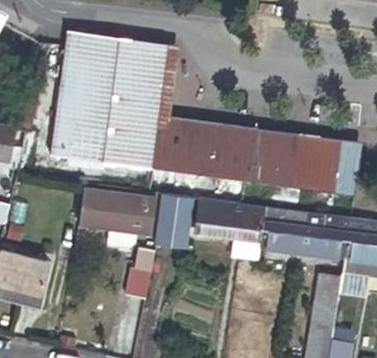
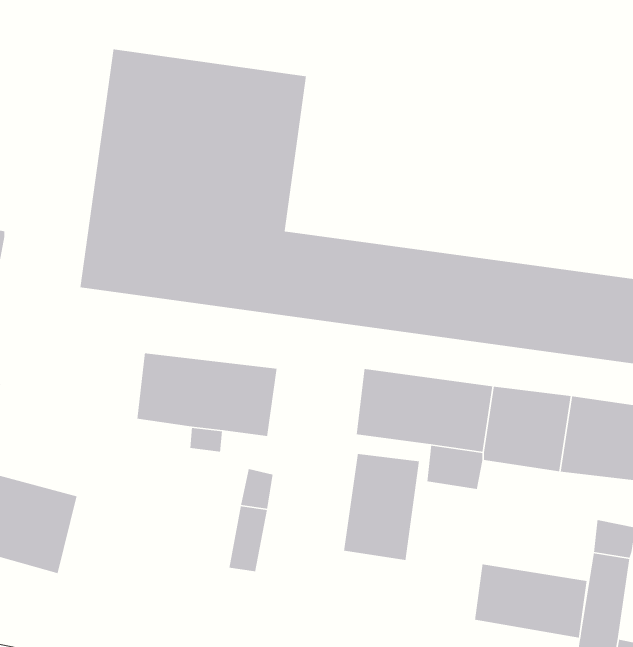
building: [154,192,194,249] -> [343,453,420,561]
building: none -> [474,564,588,638]

